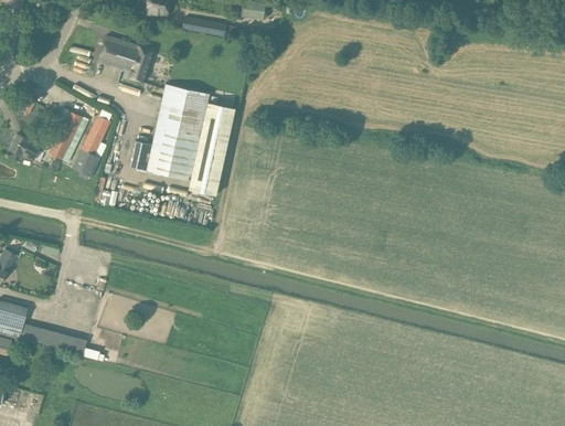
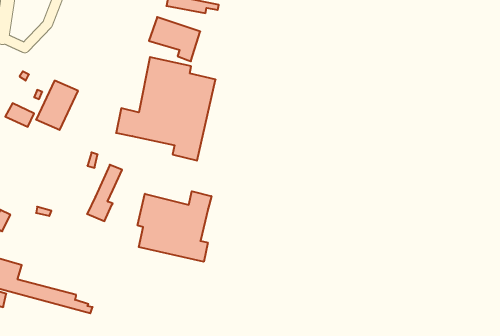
building: [97,35,152,83] -> [149,17,200,61]
building: [72,116,109,177] -> [87,165,122,221]
building: none -> [138,191,211,262]

